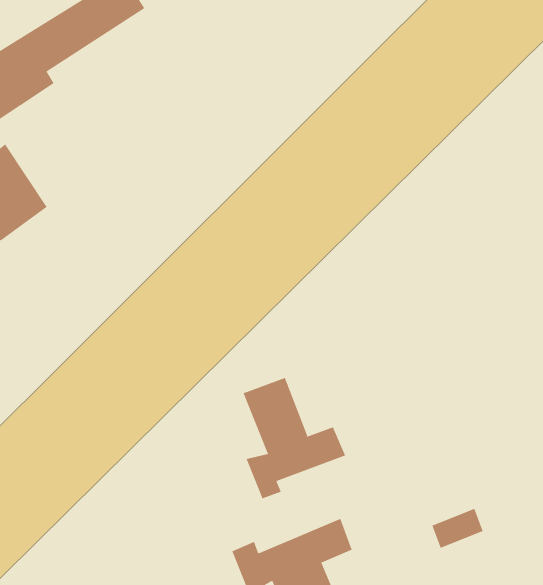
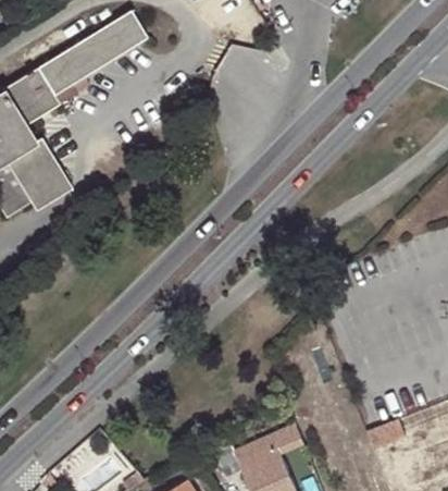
building: [243,377,346,499] -> none

